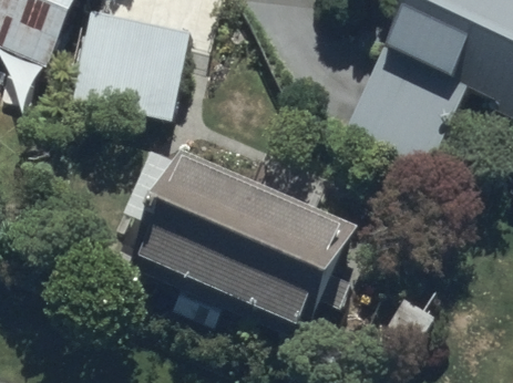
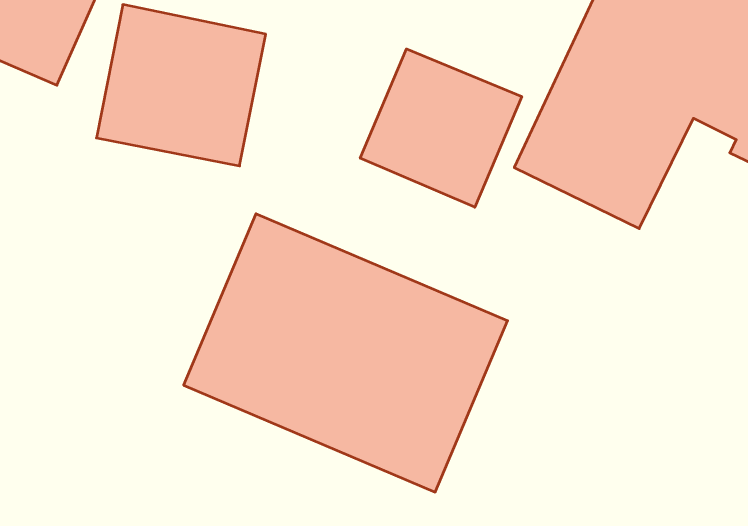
building: none -> [360,49,522,207]

